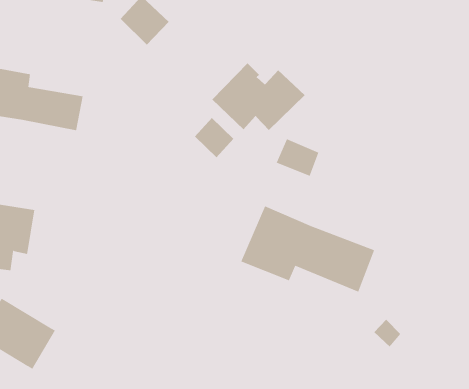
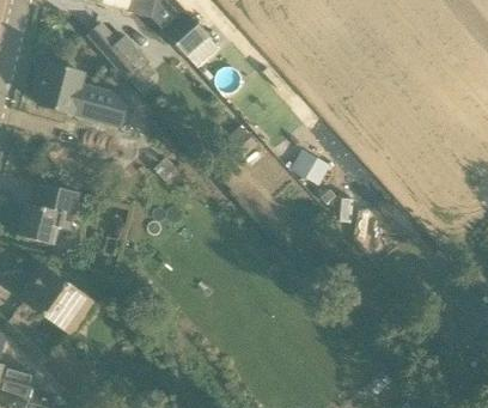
building: none -> [87,23,148,80]
building: [212,63,305,131] -> none
building: [240,206,375,292] -> none

